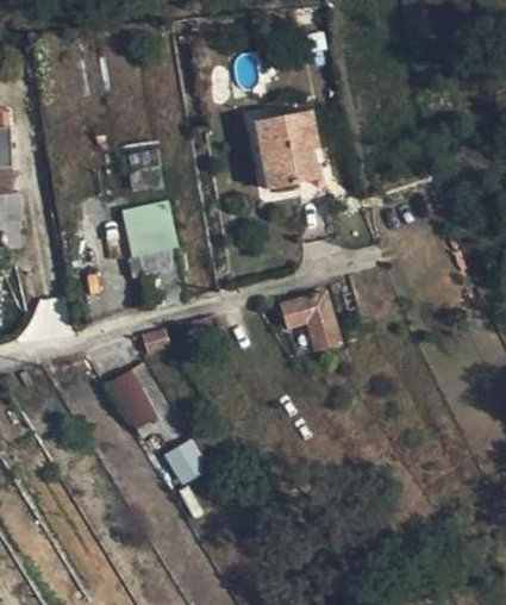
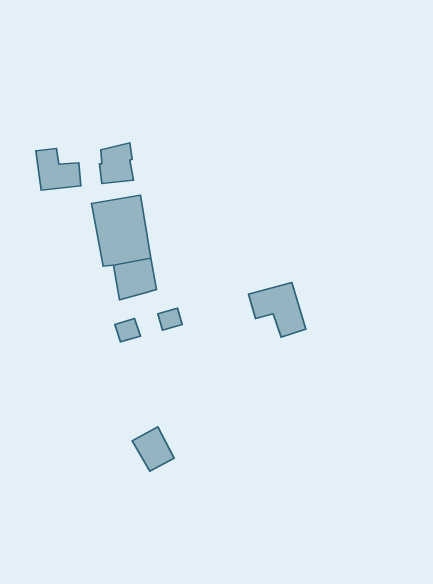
building: [256,111,320,186] -> none
building: none -> [36,148,81,190]
building: [107,368,156,430] -> none

